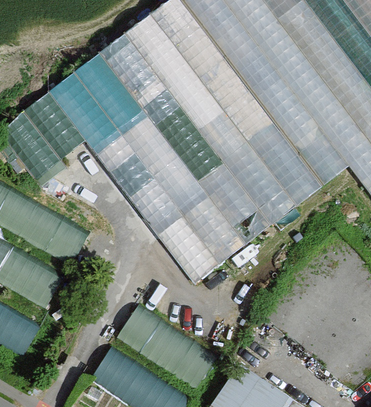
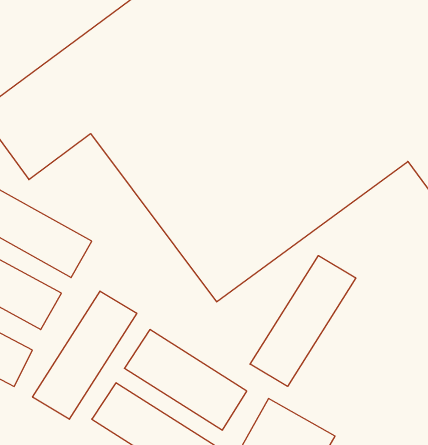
building: none -> [250,256,356,386]
building: none -> [33,291,137,419]

